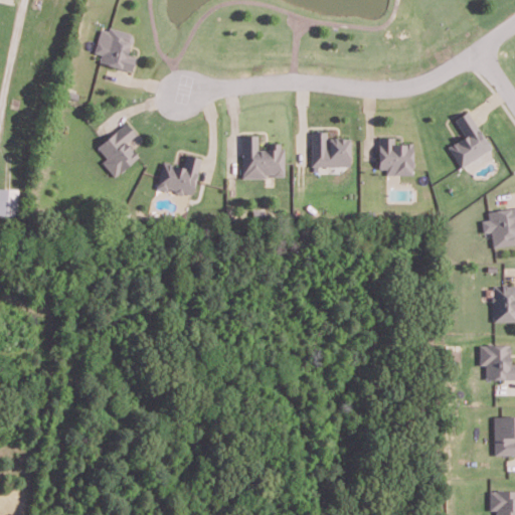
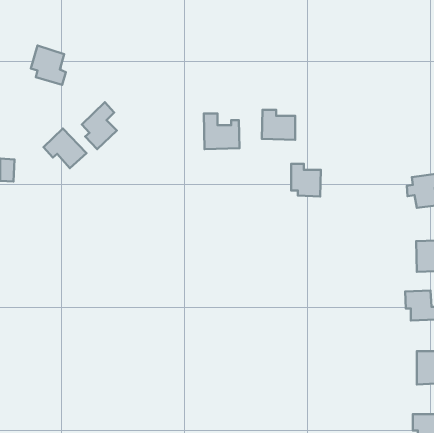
building: [95,27,136,73] -> [31,46,66,85]
building: [449,113,492,169] -> none
building: [379,139,414,177] -> [291,164,321,196]
building: none -> [44,129,86,168]
building: [157,157,201,198] -> none

